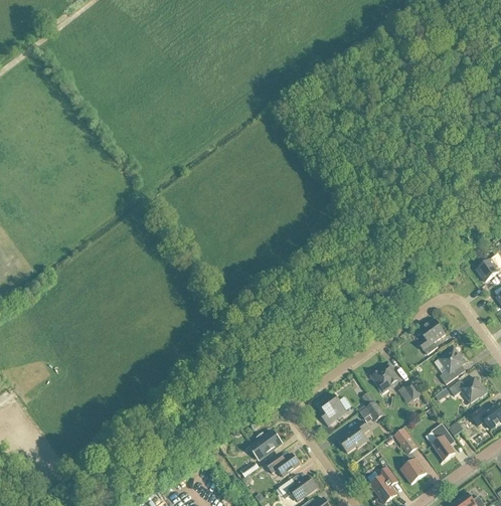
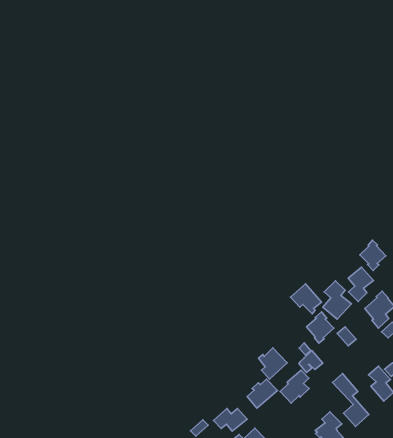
building: none -> [360,240,386,270]
building: none -> [323,281,352,319]
building: none -> [290,284,321,314]
building: [249,430,282,459] -> [247,379,277,408]

